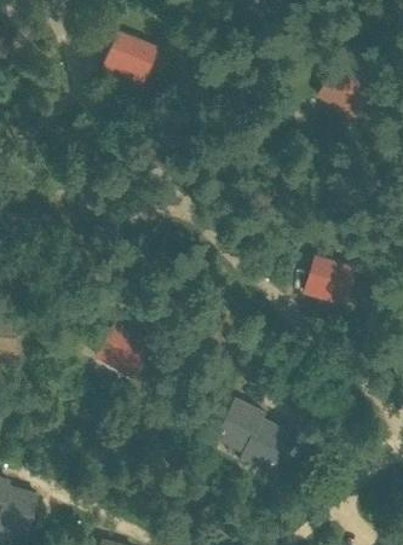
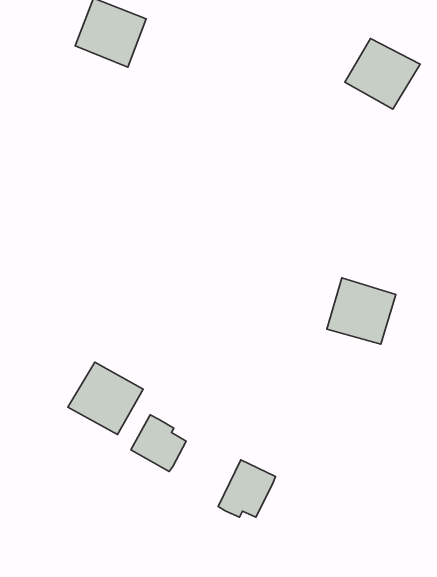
building: none -> [131,415,186,472]
building: [246,421,289,471] -> none

